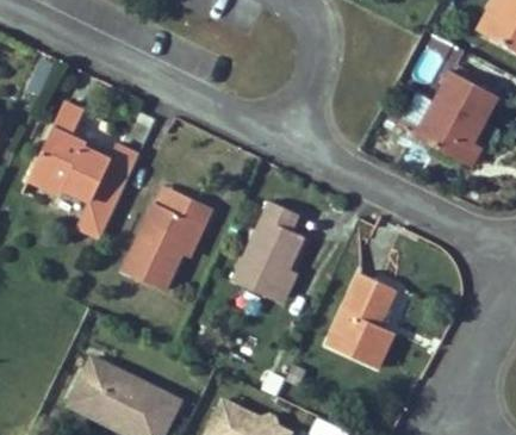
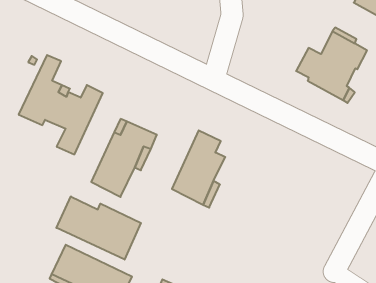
building: [328,274,396,369] -> none
building: none -> [56,196,141,260]

